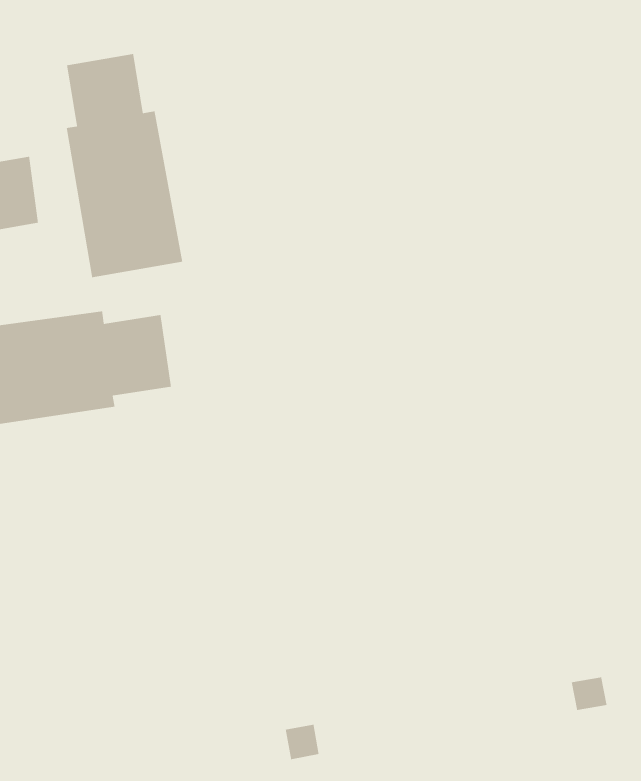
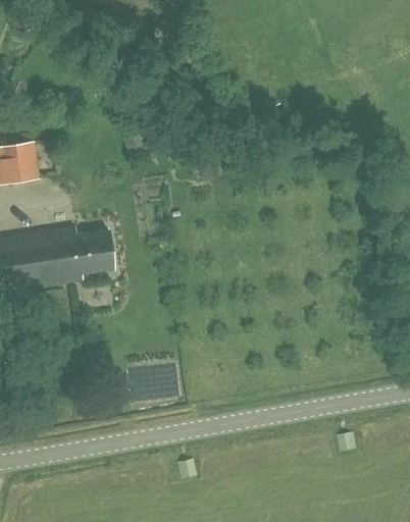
building: [66,53,183,278] -> none

